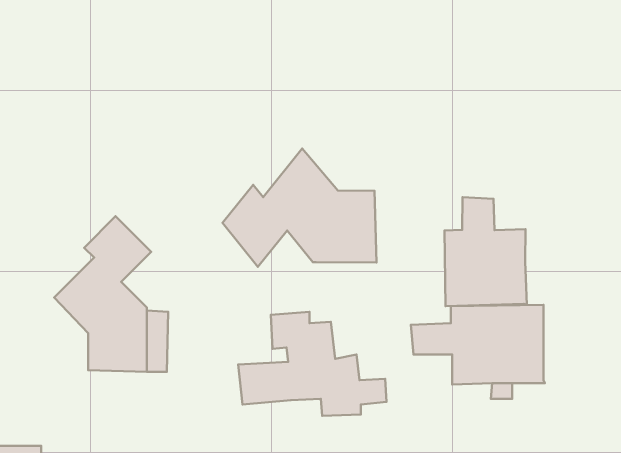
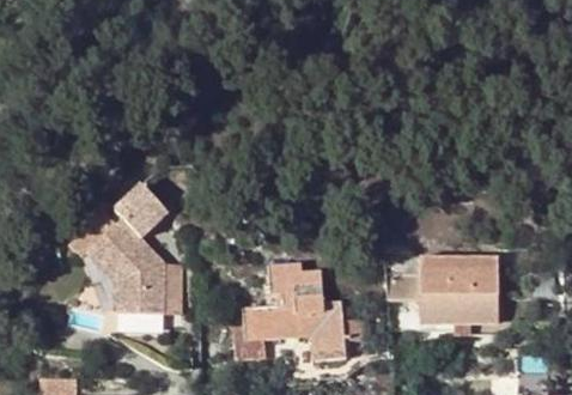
building: [222,148,376,267] -> none
building: [444,197,527,306] -> none

